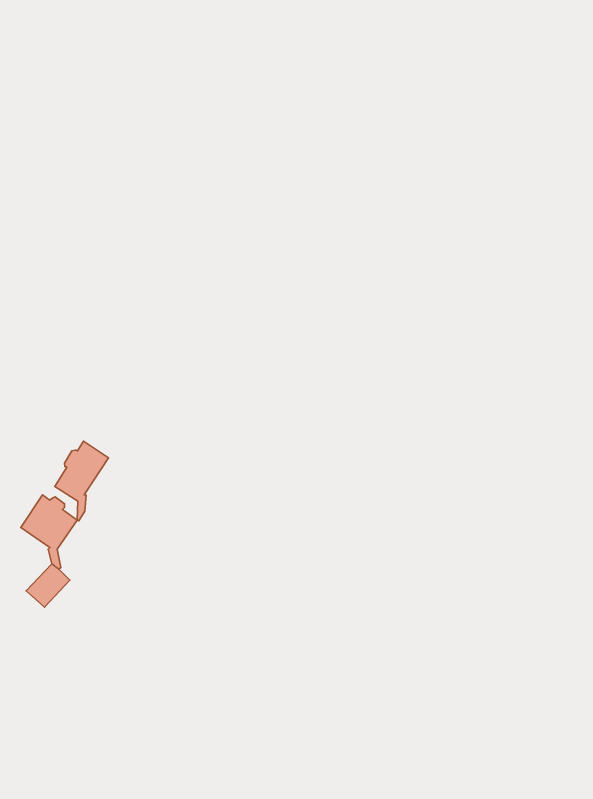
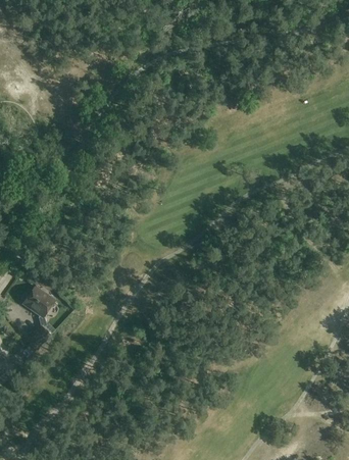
building: [55,441,108,521] -> none

